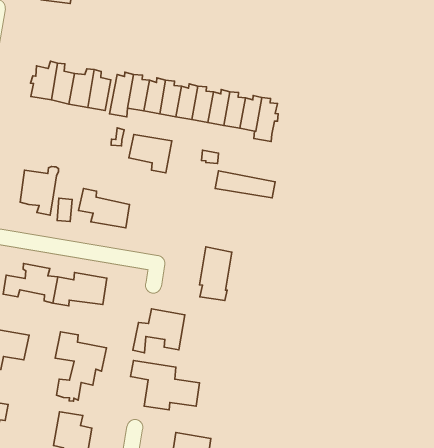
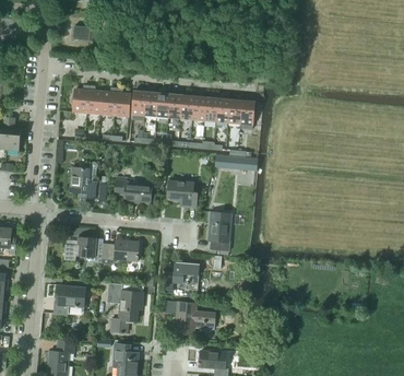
building: [129,135,172,173] -> [166,181,197,208]

